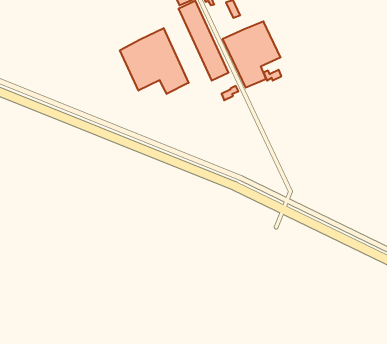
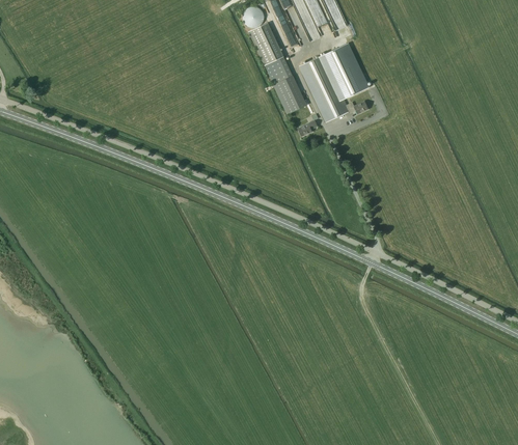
building: [120,28,189,94] -> none

